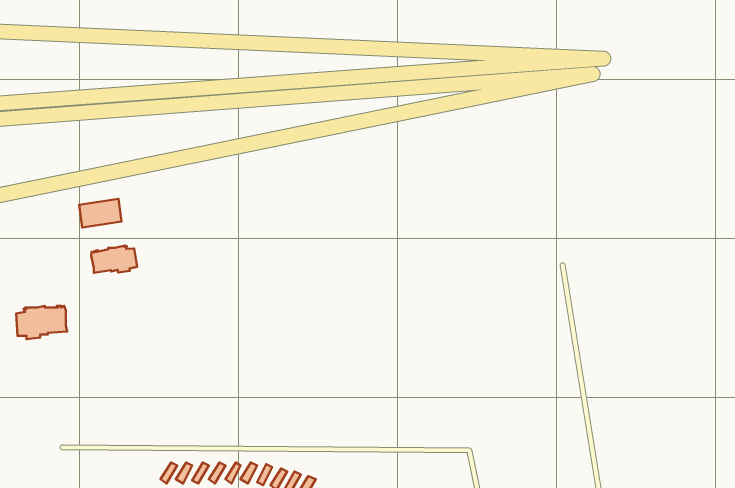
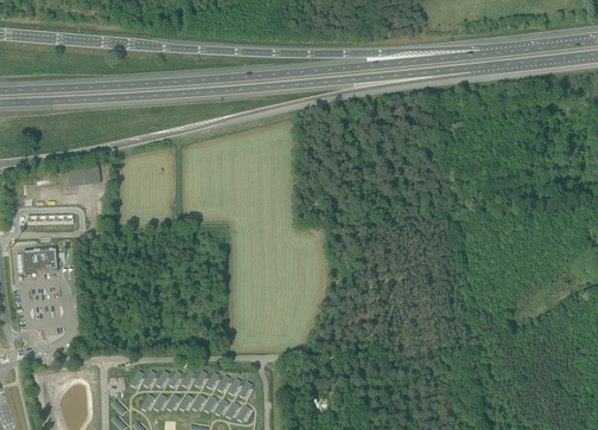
building: [91,245,137,273] -> none

